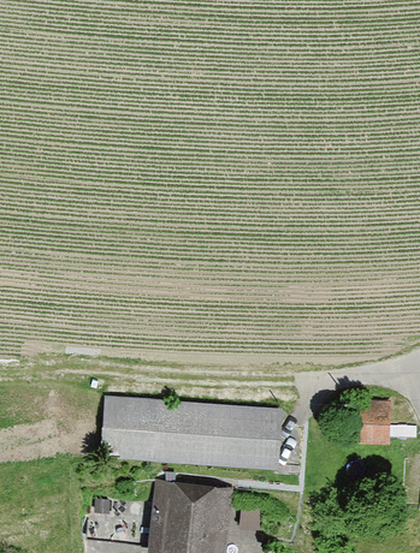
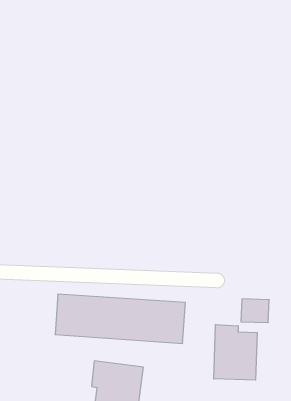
building: none -> [214,324,257,380]

